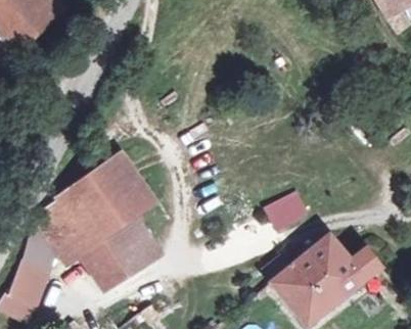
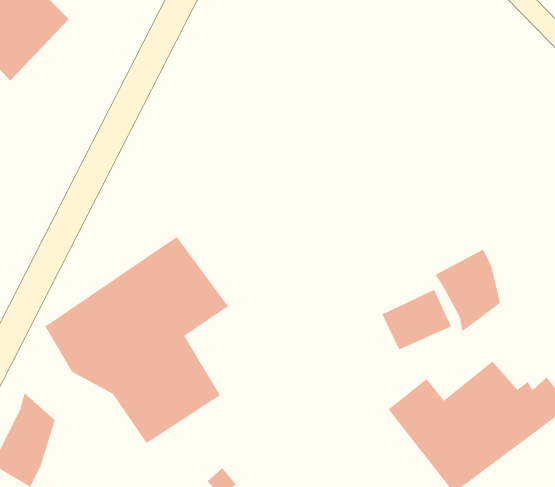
building: none -> [435,249,500,332]
building: [26,215,56,276] -> none

